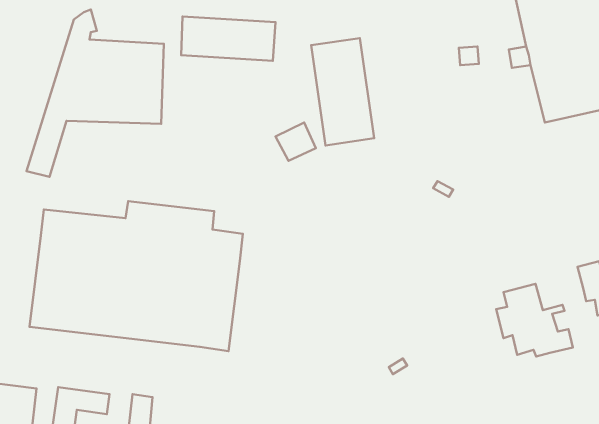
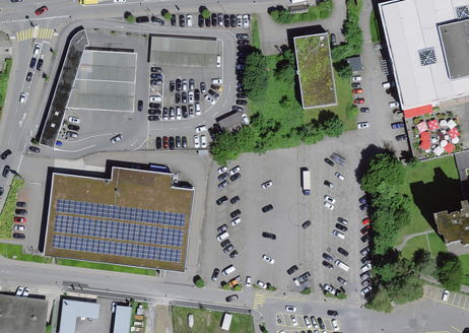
building: [311,38,374,145] -> [291,32,336,109]
building: [496,284,573,357] -> none

